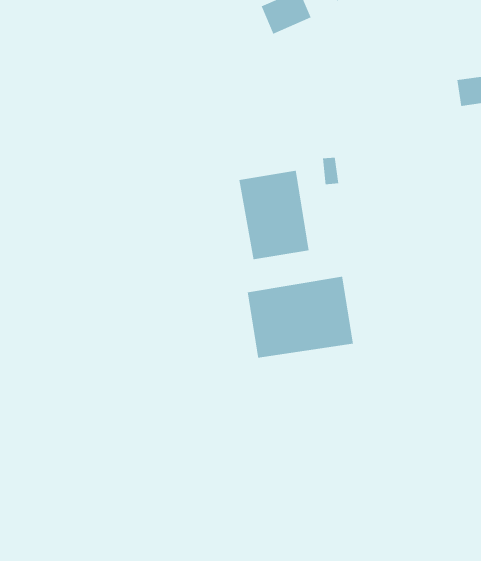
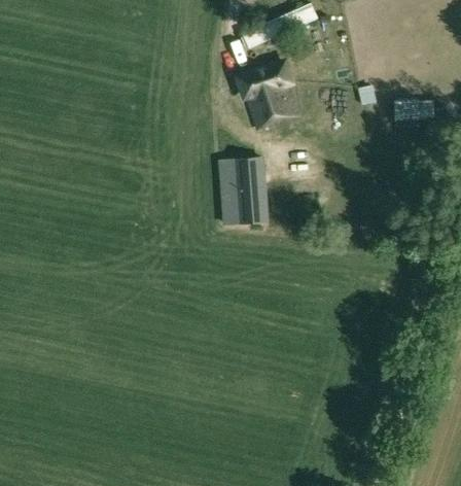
building: none -> [238,63,297,125]
building: [247,276,354,358] -> none

